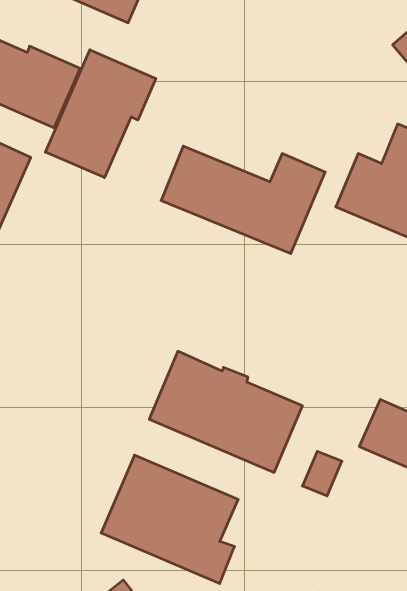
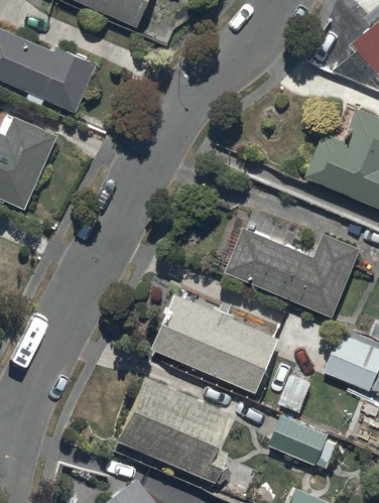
building: [45,50,156,178] -> none
building: [161,146,325,254] -> [226,228,360,316]
building: none -> [270,417,338,469]

